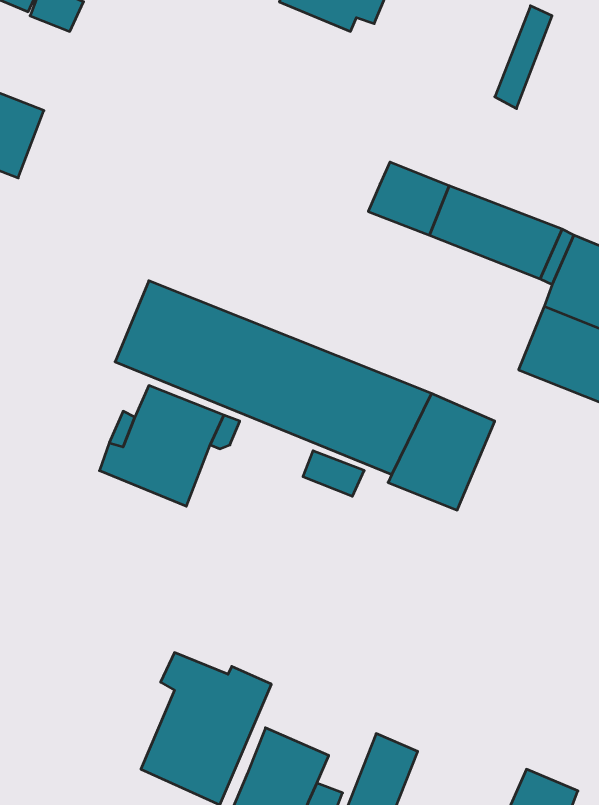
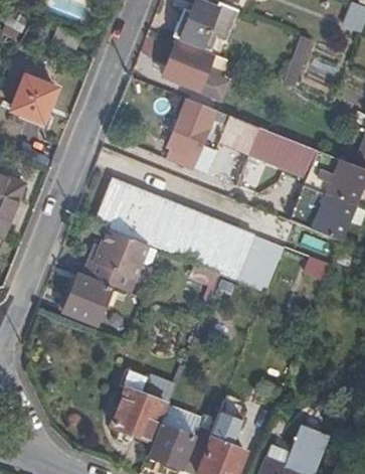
building: none -> [163,41,228,99]
building: none -> [169,100,231,169]
building: none -> [60,275,111,328]

